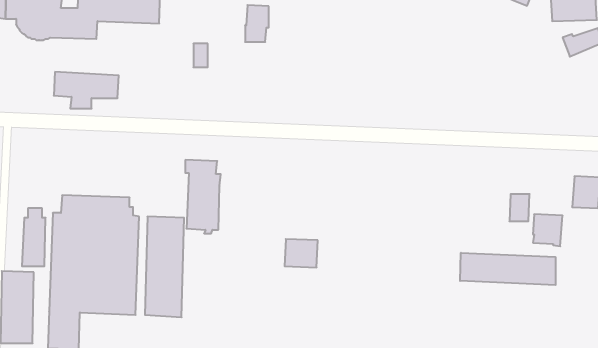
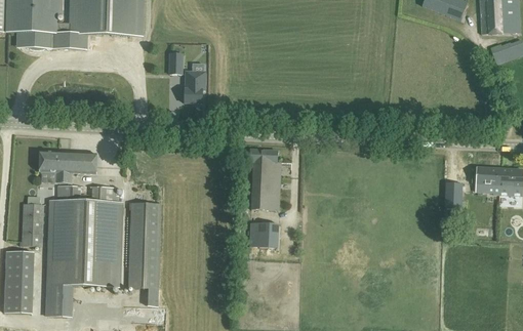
building: [245,5,269,42] -> [185,70,205,101]
building: [54,72,119,109] -> [40,150,96,181]
building: [185,160,221,233] -> [250,149,281,212]
building: [533,214,563,246] -> [476,166,501,194]
building: [460,253,556,285] -> none

